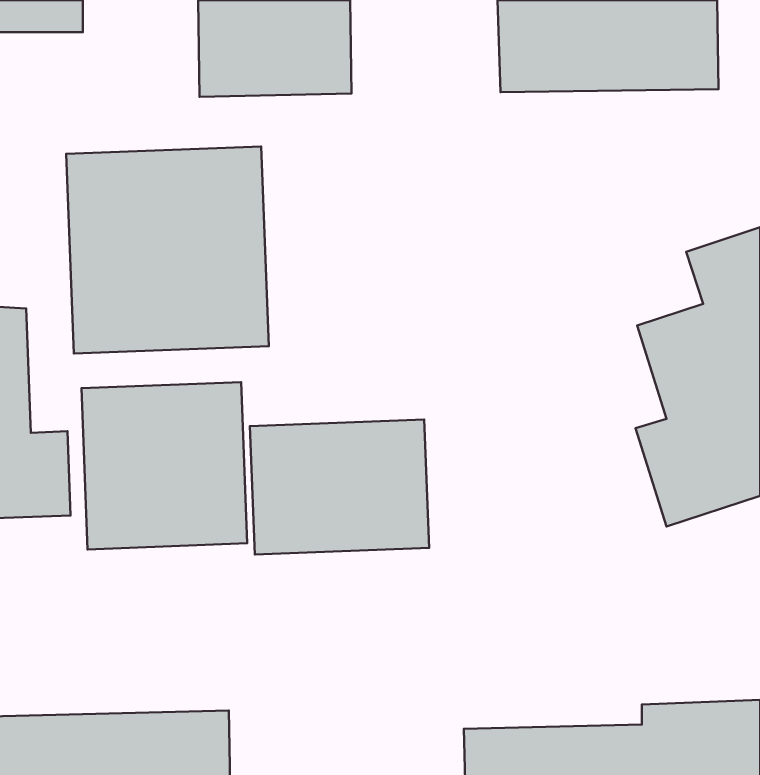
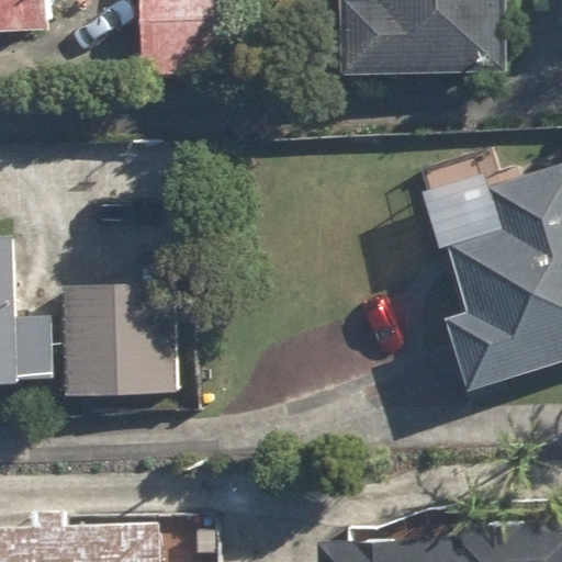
building: [66,147,269,353] -> none
building: [250,420,429,555] -> none

